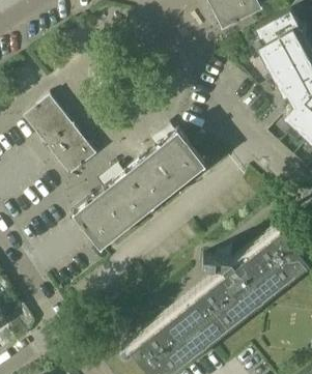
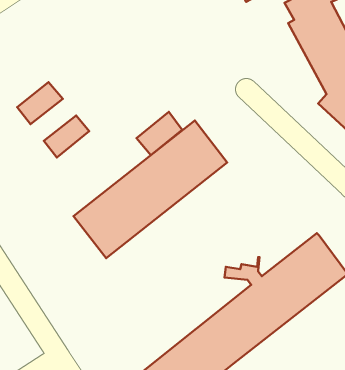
building: [35,111,75,147] -> none
building: [58,139,97,176] -> [137,112,182,155]

